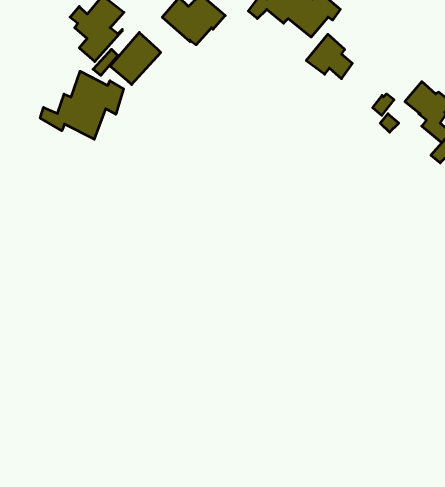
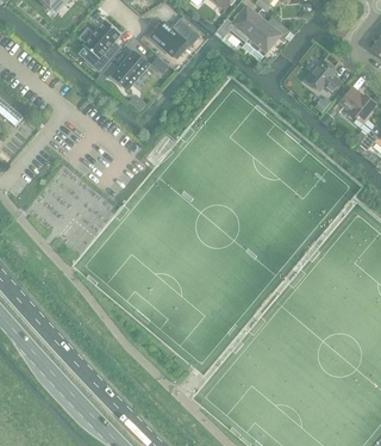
building: [306,34,352,79] -> [305,58,341,93]
building: [40,71,124,139] -> none

